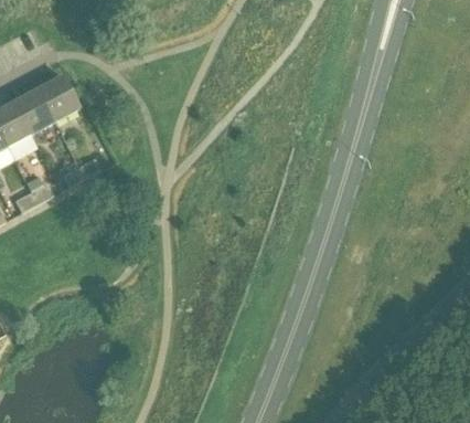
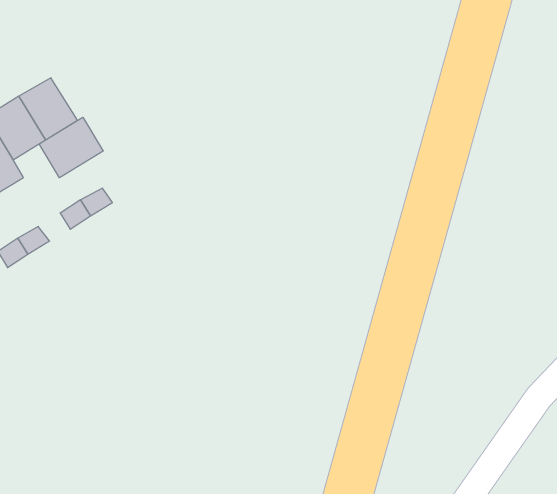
building: none -> [39,117,103,178]

